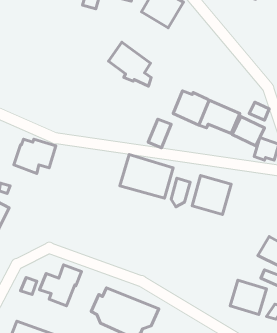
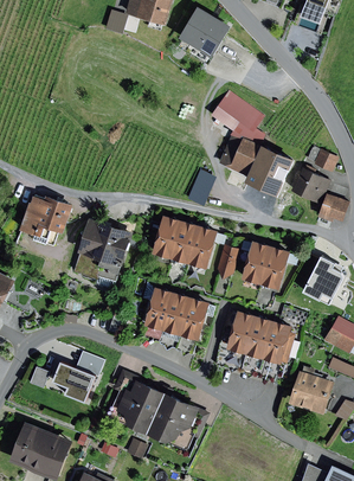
building: [108,42,151,86] -> [211,91,264,146]
building: none -> [73,218,133,282]
building: none -> [302,258,342,306]
building: none -> [143,287,210,340]
building: none -> [226,310,295,364]

